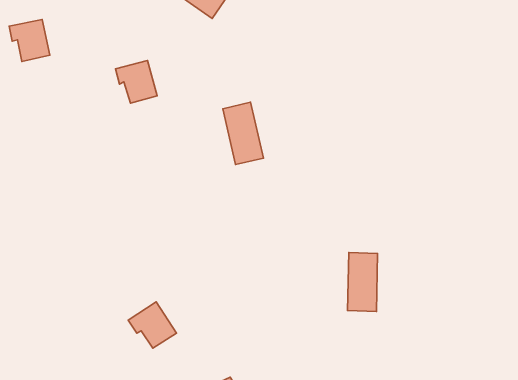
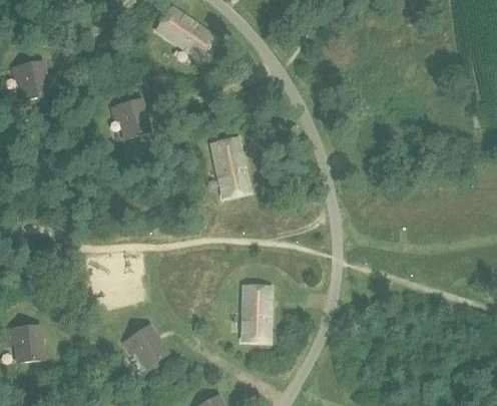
building: [348,252,378,311] -> [241,285,270,340]
building: none -> [8,325,42,361]

